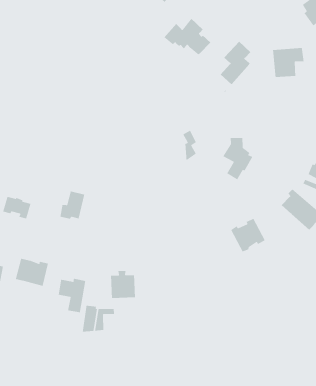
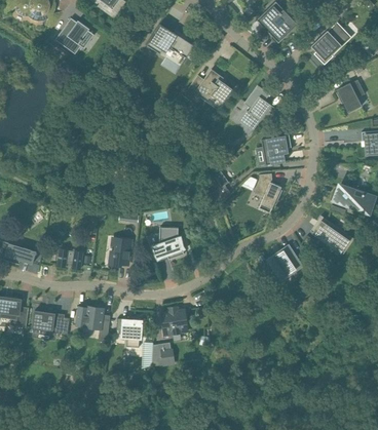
building: [272,47,304,78] -> [261,134,292,165]
building: none -> [151,227,186,261]

